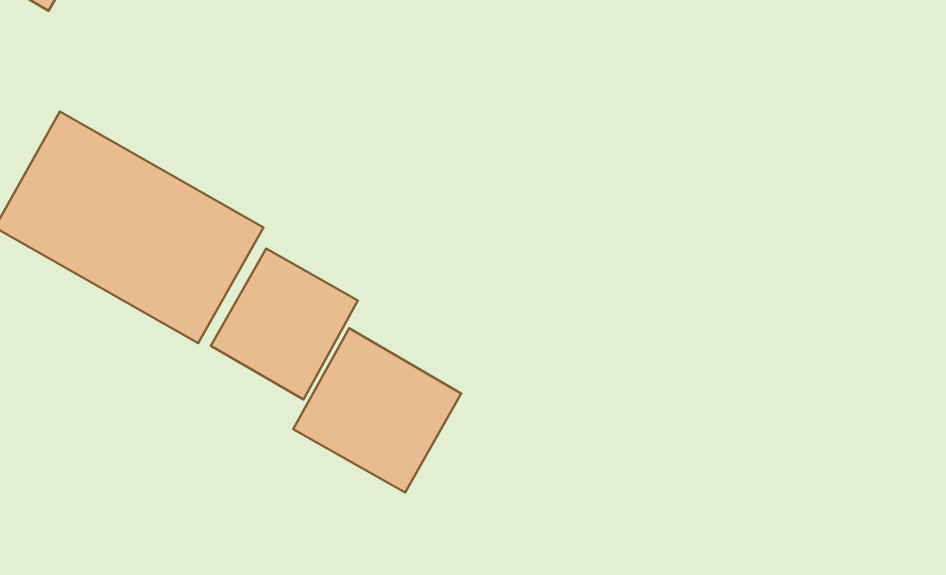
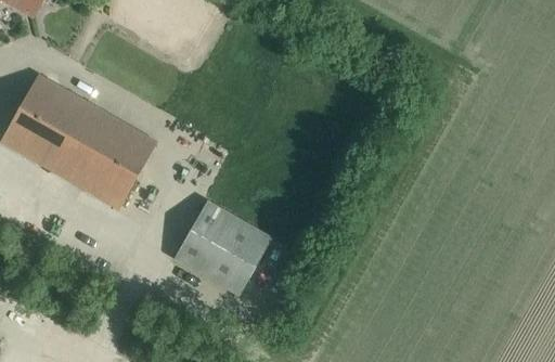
building: [211,249,358,399] -> none

